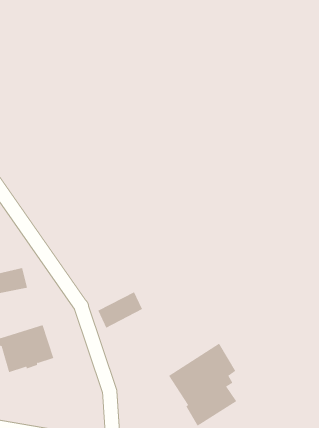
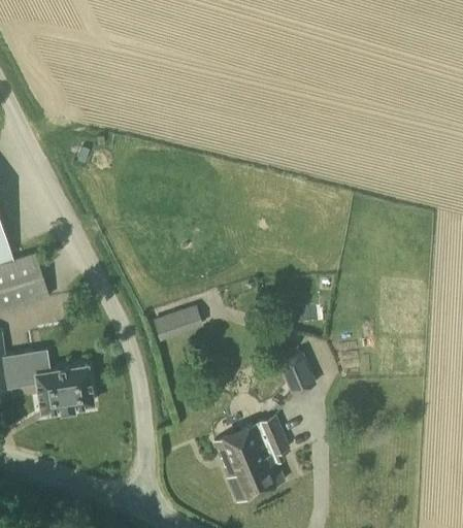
building: none -> [277,352,313,393]
building: [97,291,143,328] -> [153,304,202,339]

